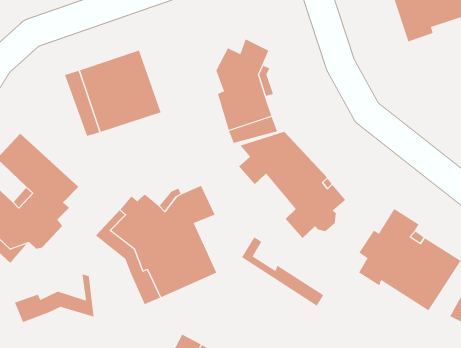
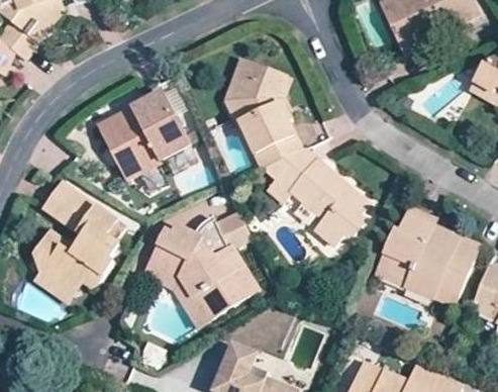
building: none -> [222,62,257,124]
building: [241,236,324,306] -> [375,251,455,307]
building: [14,274,94,323] -> none

